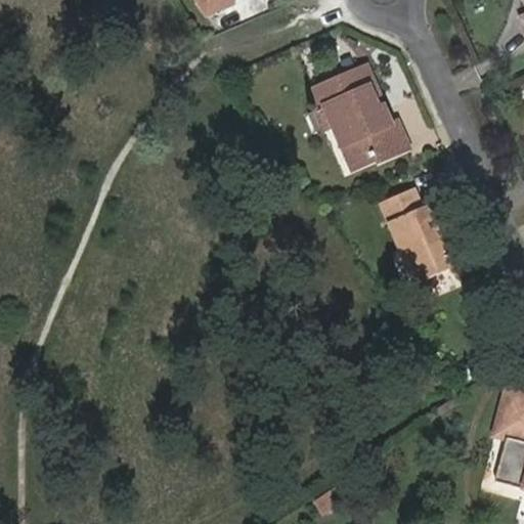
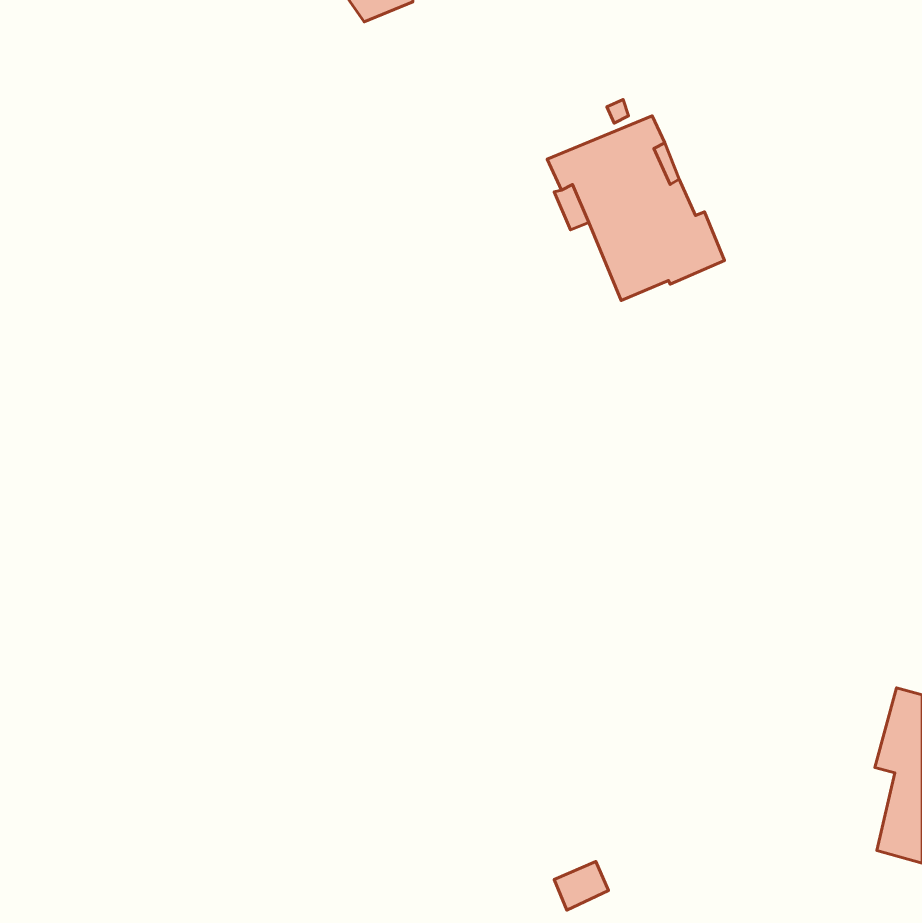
building: [380,187,454,282] -> none

